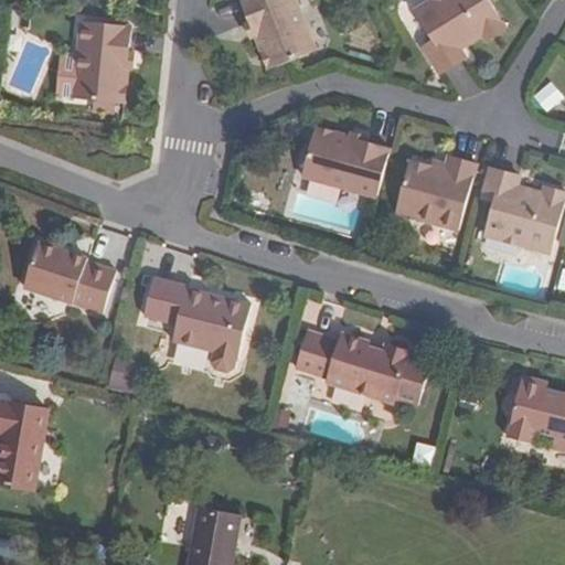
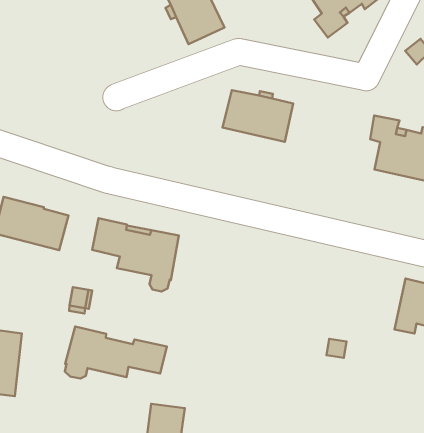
building: [64,19,137,102] -> none
building: [402,158,479,227] -> none
building: [289,331,425,404] -> none
building: none -> [65,327,167,379]

